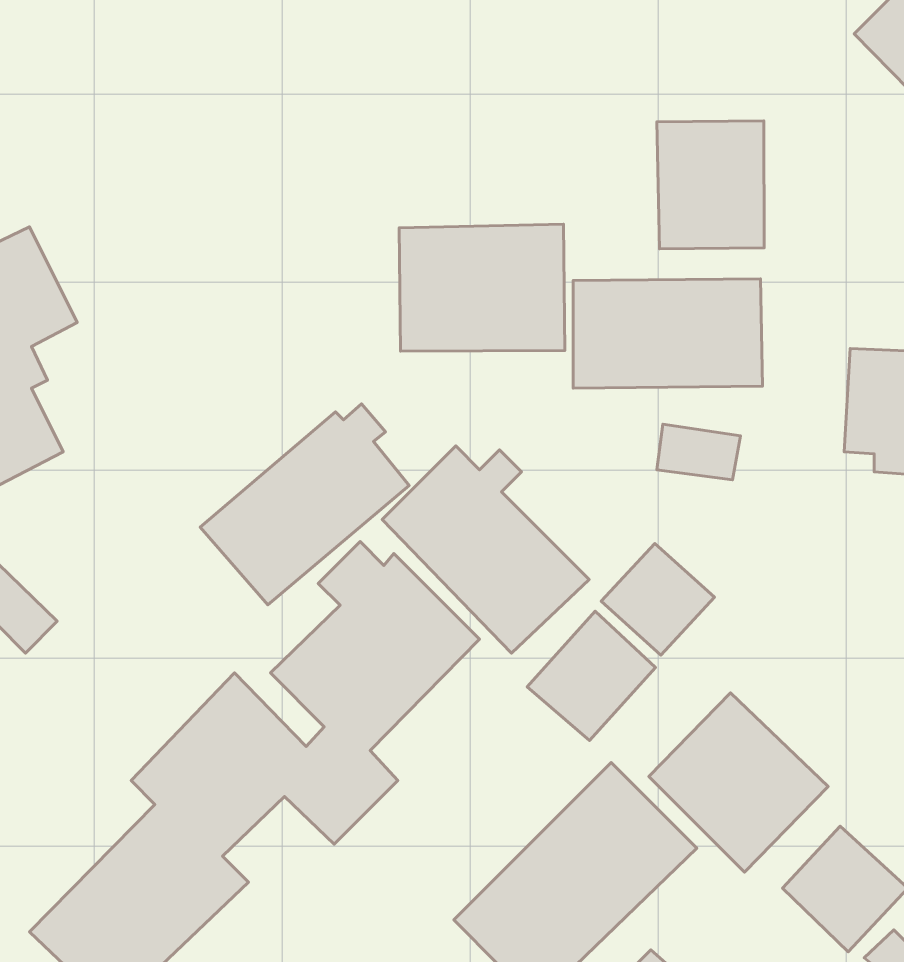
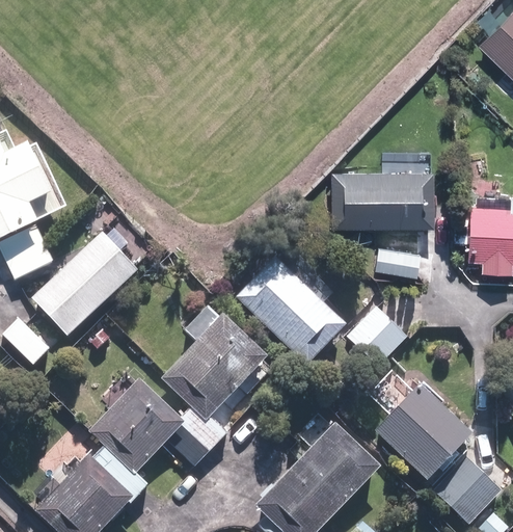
building: [657,121,764,249] -> none
building: [399,224,565,351] -> none
building: [200,404,409,605] -> [36,229,145,334]
building: [527,611,655,741] -> none

